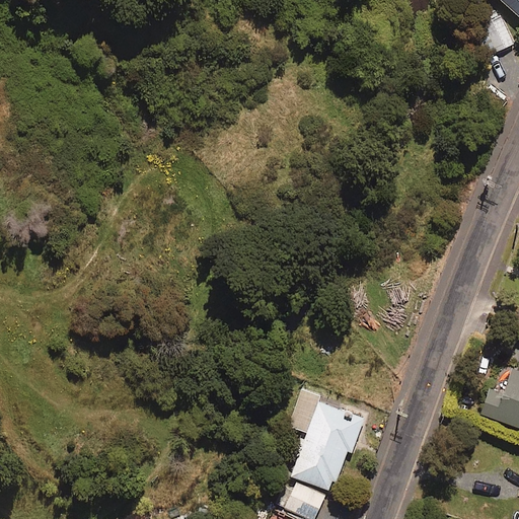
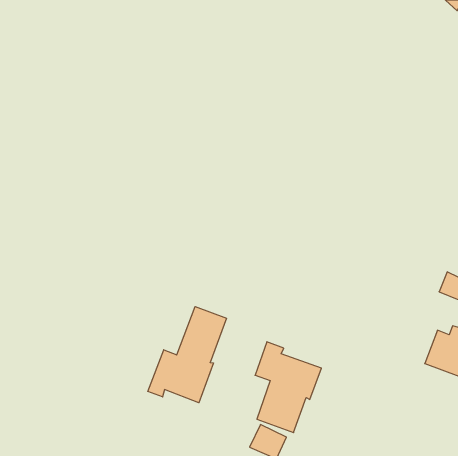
building: none -> [148,307,227,403]

